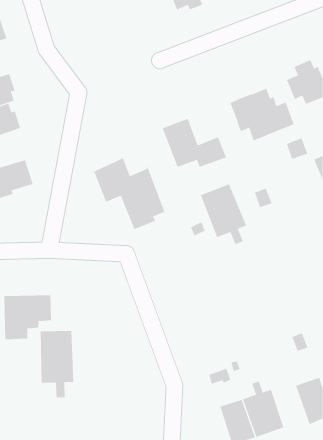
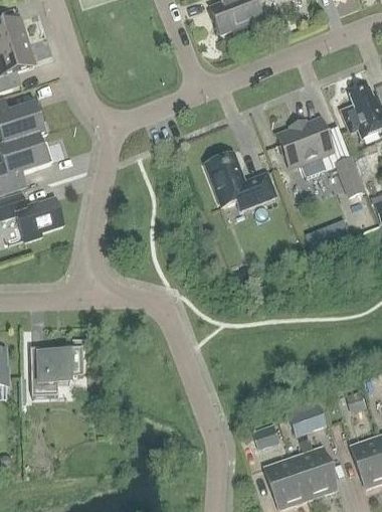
building: [94,158,165,230] -> none
building: [200,183,247,245] -> none
building: [40,330,74,398] -> none
building: none -> [291,407,328,437]

